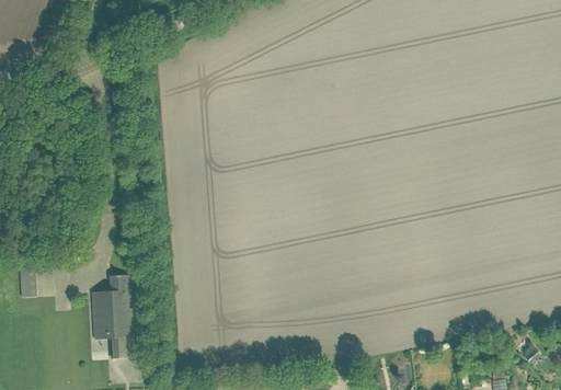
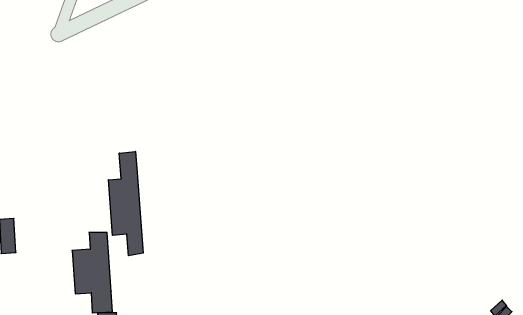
building: none -> [108,151,143,256]

